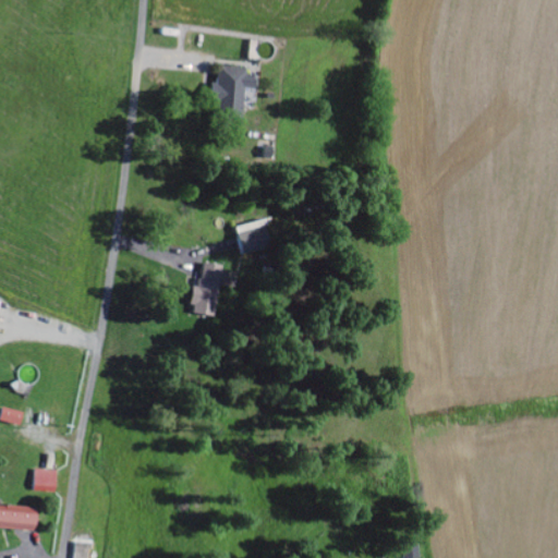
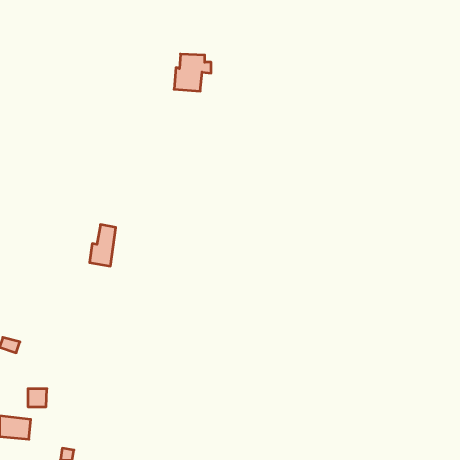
building: [239,227,270,260] -> none
building: [191,262,222,312] -> [90,225,116,266]

